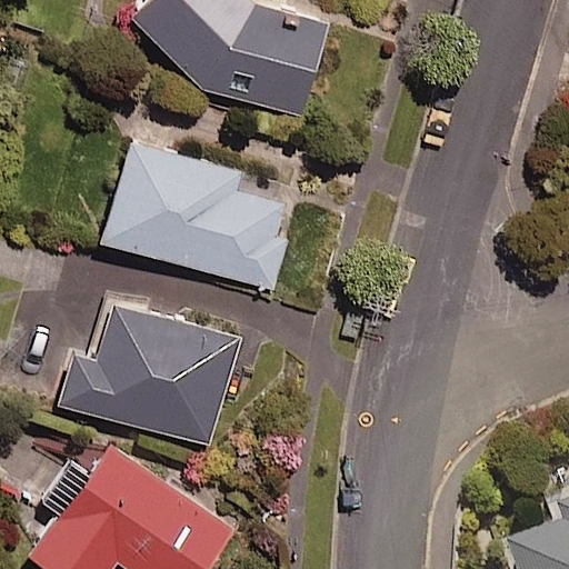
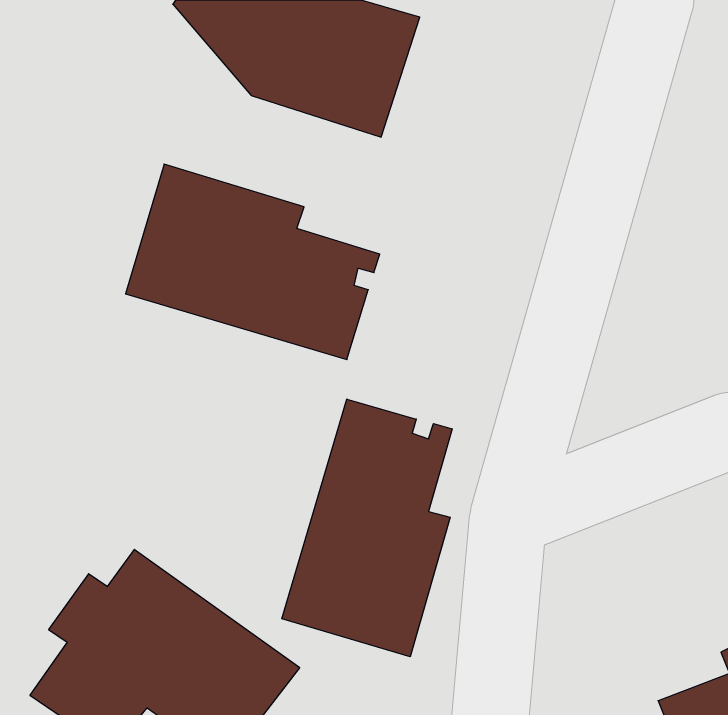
building: [58,305,239,447] -> none
building: none -> [282,399,452,657]

